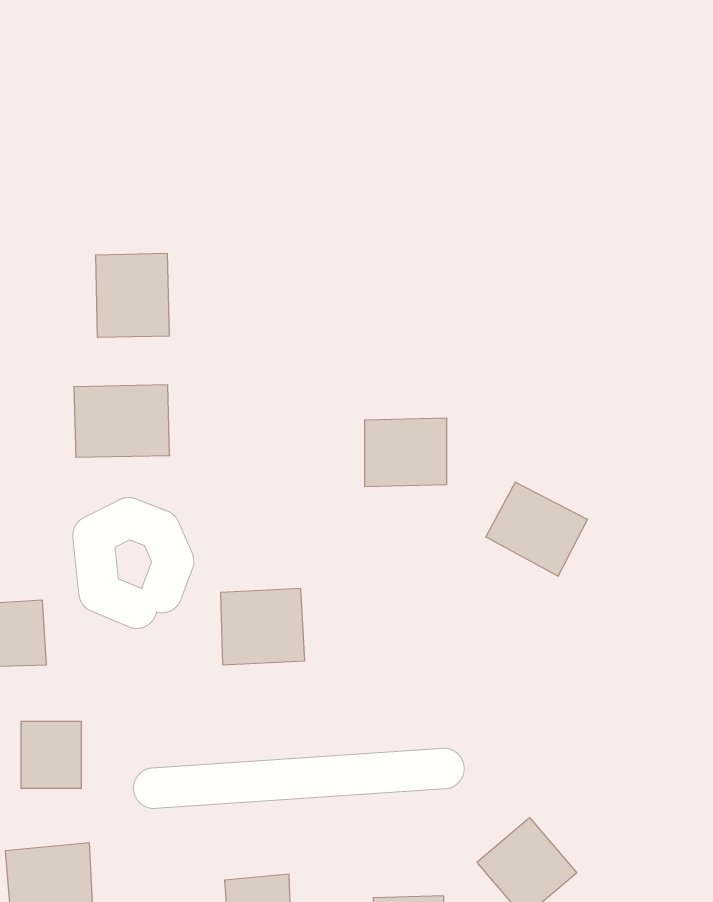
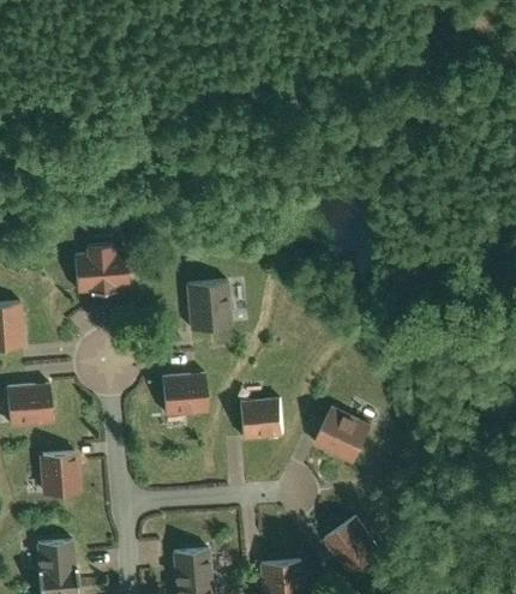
building: [96,253,169,338] -> none
building: [365,418,447,487] -> [181,281,232,323]
building: [486,482,588,576] -> [312,407,374,464]
building: none -> [240,396,288,438]

